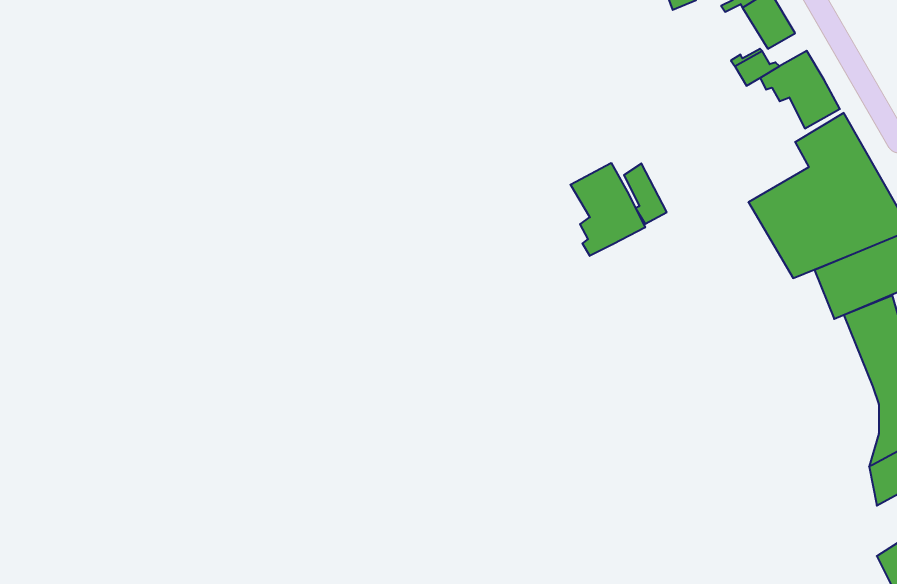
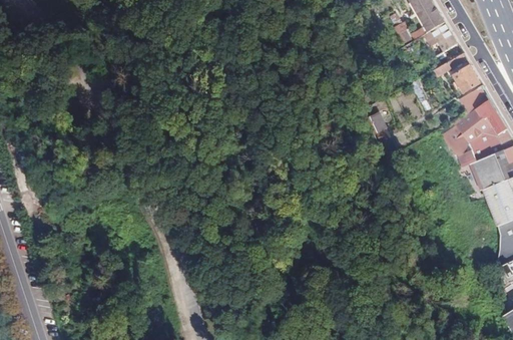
building: [570,163,645,256] -> none

